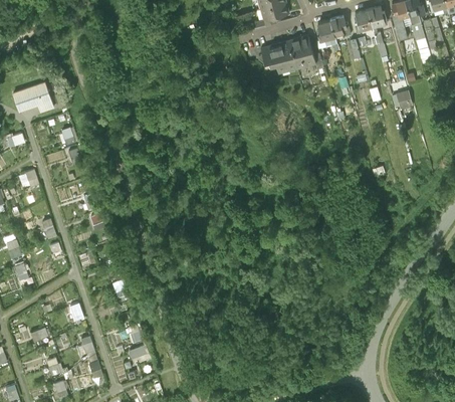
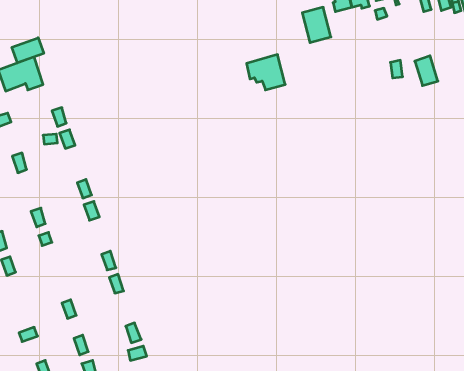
building: [261,41,296,73] -> [247,55,285,90]
building: none -> [12,38,44,63]

